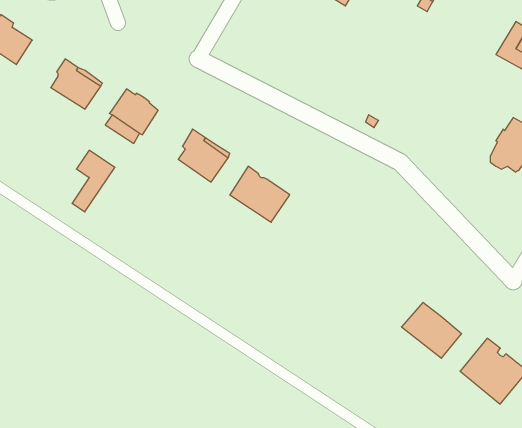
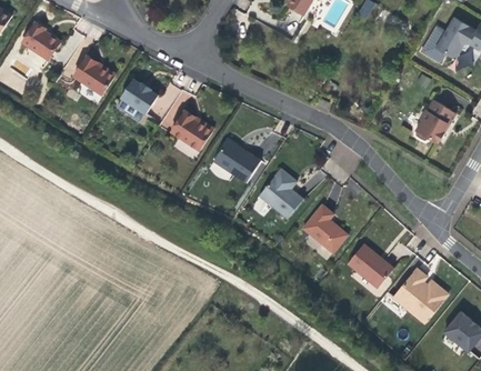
building: [72,150,115,212] -> [157,83,190,131]
building: none -> [259,169,302,219]
building: none -> [302,204,347,253]

